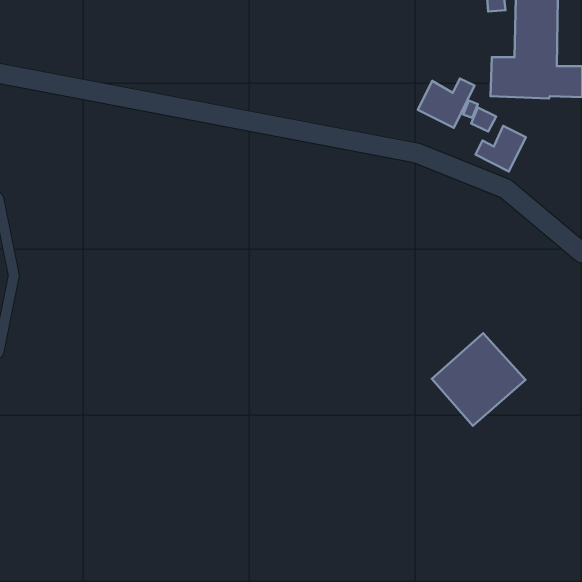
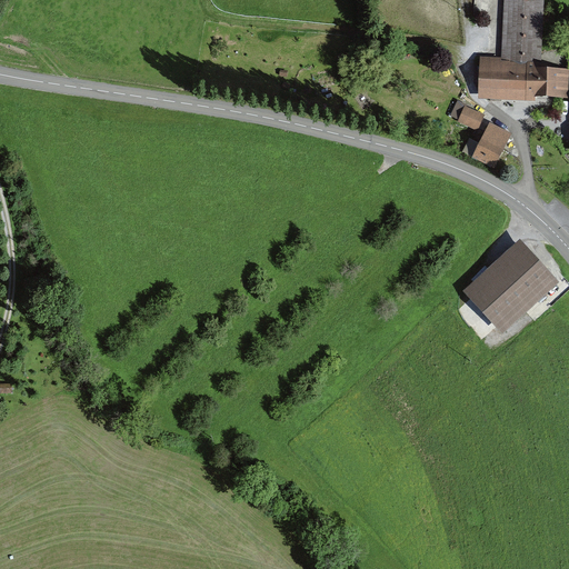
building: [418,78,474,128] -> none
building: [432,333,525,426] -> [466,243,557,333]

